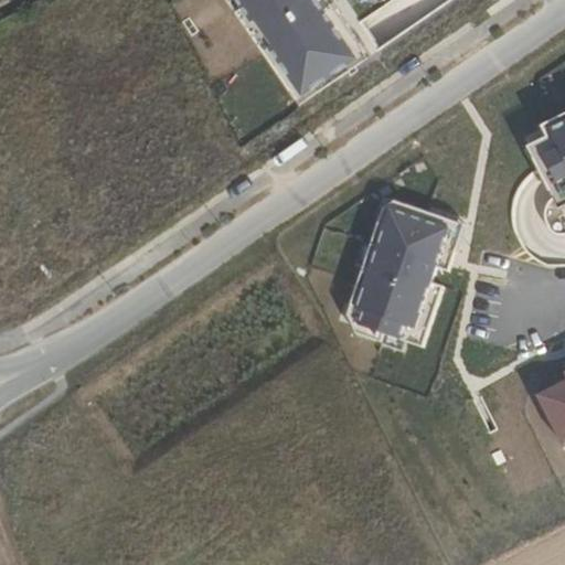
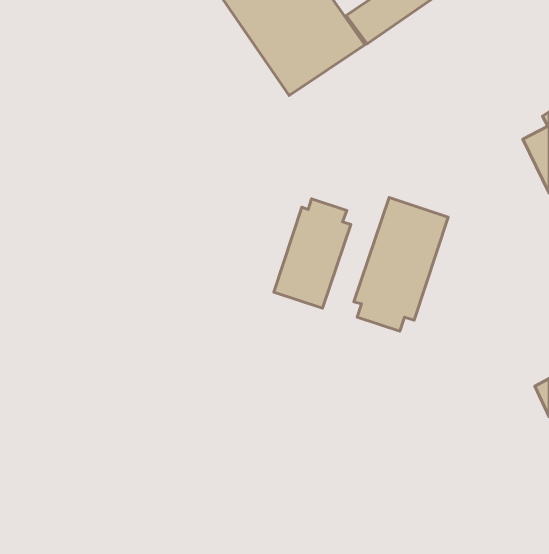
building: none -> [274,199,351,308]

